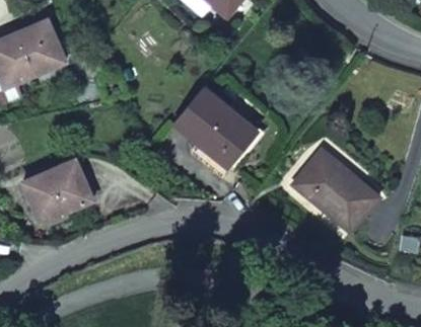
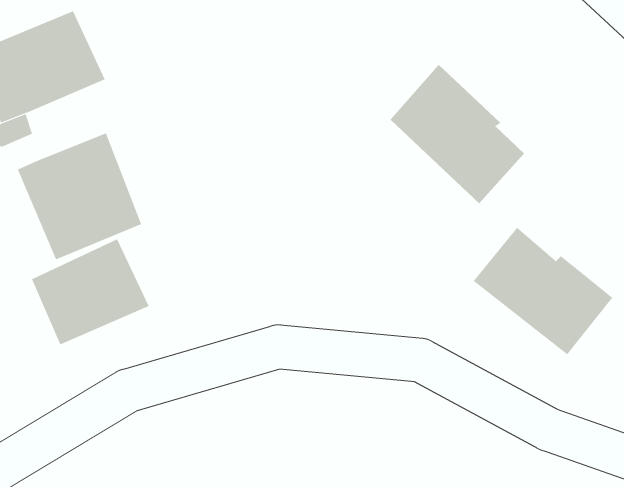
building: none -> [17,133,142,260]
building: [176,95,257,179] -> [389,64,525,204]

